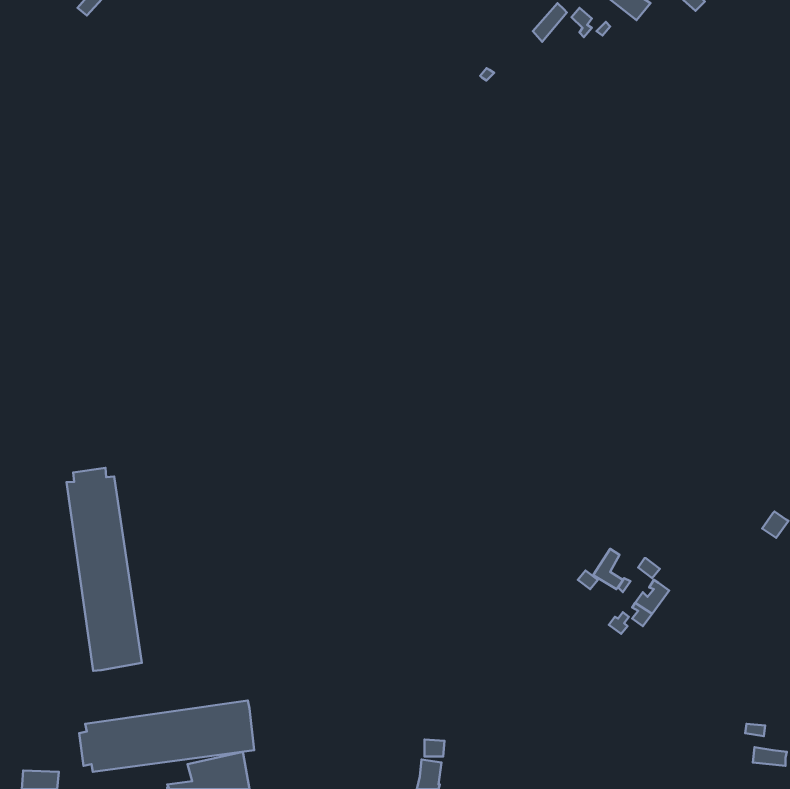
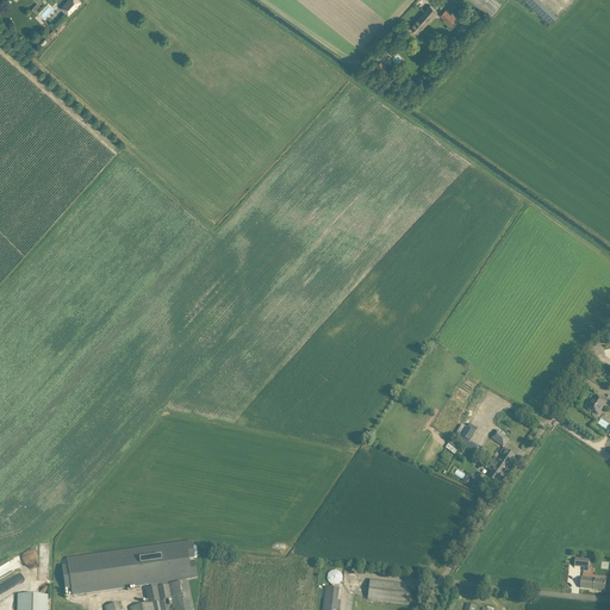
building: [66,468,142,671] -> none
building: none -> [366,578,410,602]

